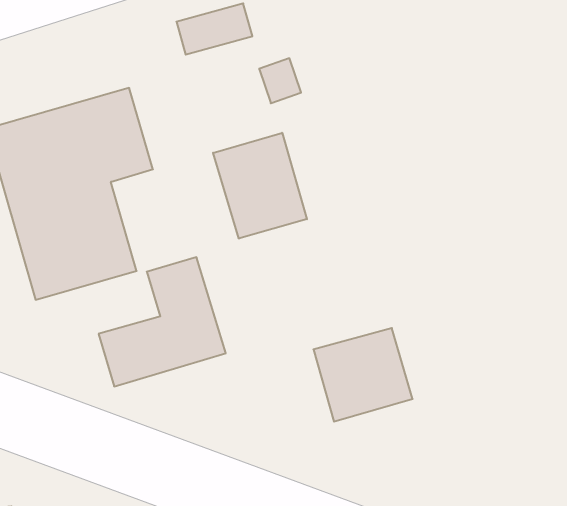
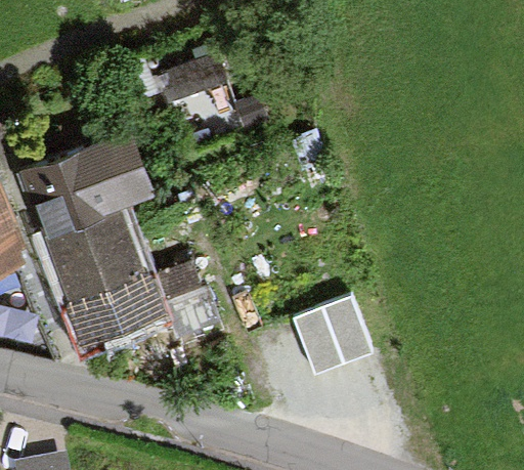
building: [213,133,307,239] -> none

